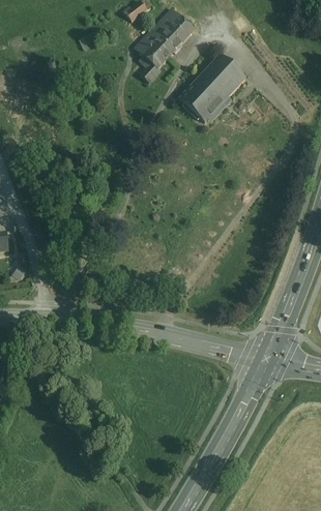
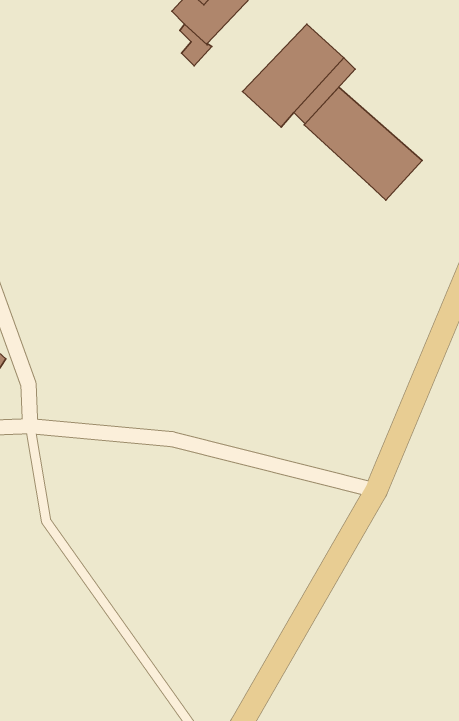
building: none -> [304,87,422,200]

